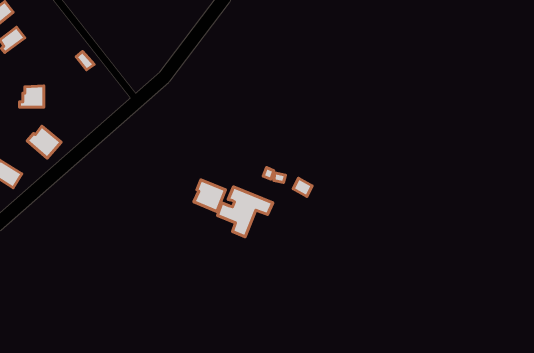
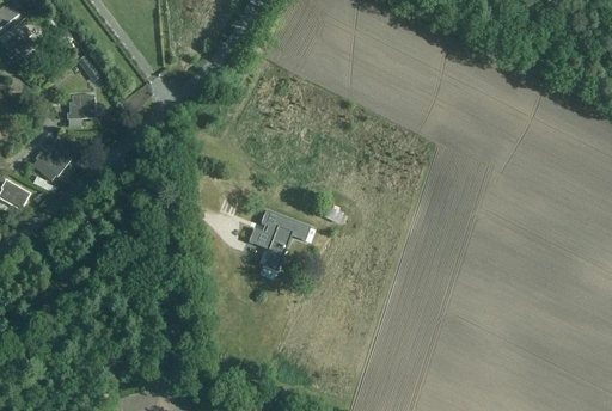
building: [19,86,44,107] -> [66,96,93,119]
building: [194,180,225,212] -> none

